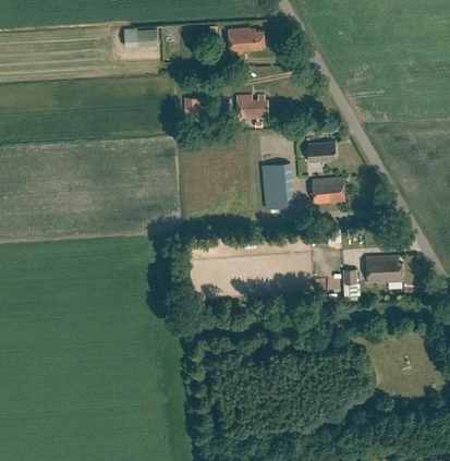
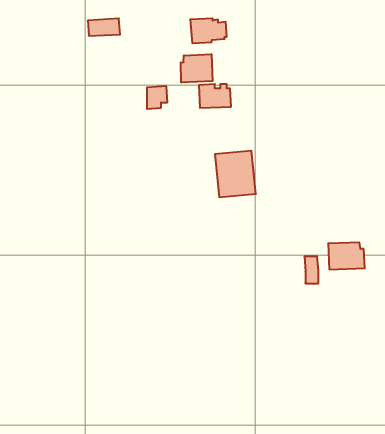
building: none -> [181,54,213,83]
building: [307,141,337,162] -> none
building: [312,177,345,205] -> none

